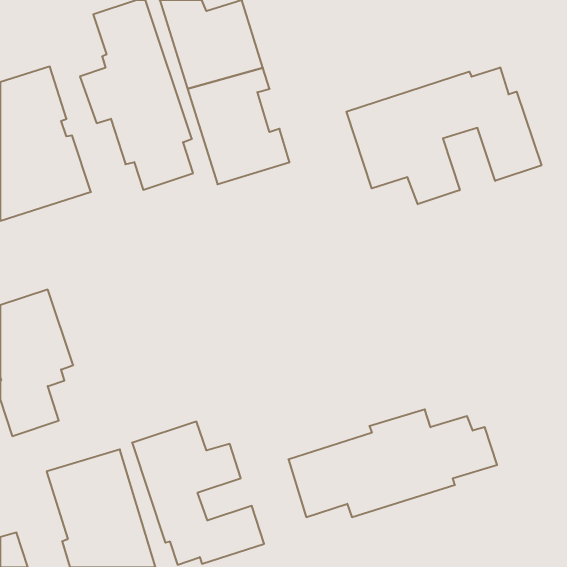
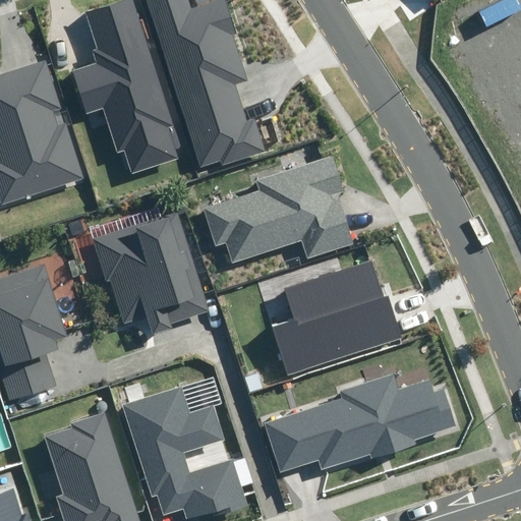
building: [346,67,541,204] -> none
building: none -> [201,155,352,265]
building: none -> [93,212,209,329]
building: none -> [271,258,402,375]

